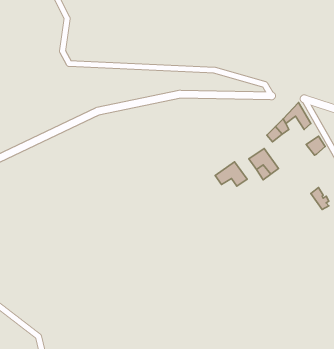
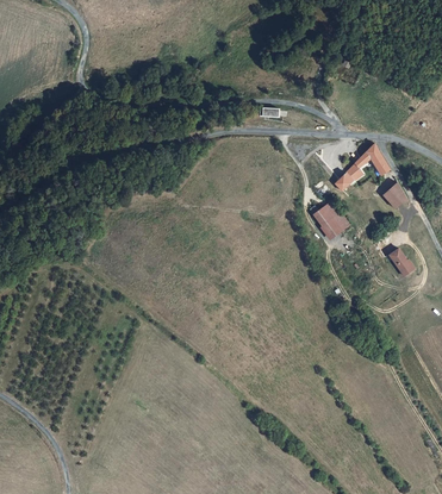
building: [215,162,247,186] -> none

